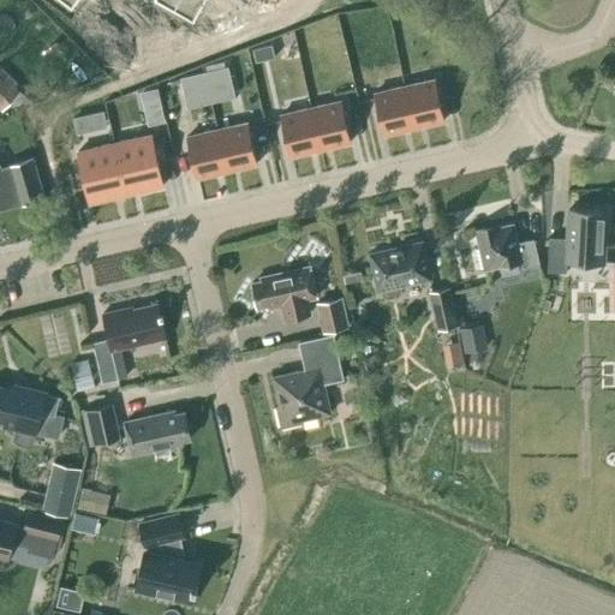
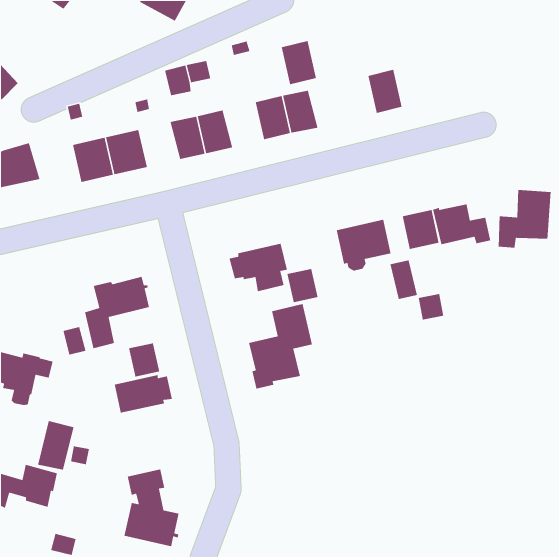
building: [374,85,413,135] -> [281,40,317,85]
building: none -> [402,209,439,250]
building: [83,407,118,446] -> [128,342,160,377]

